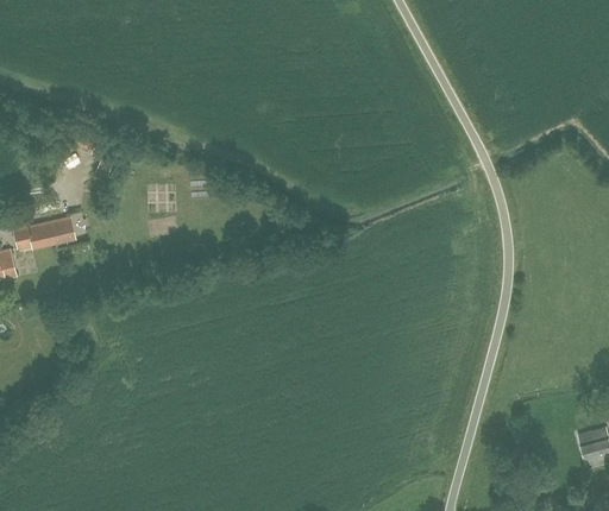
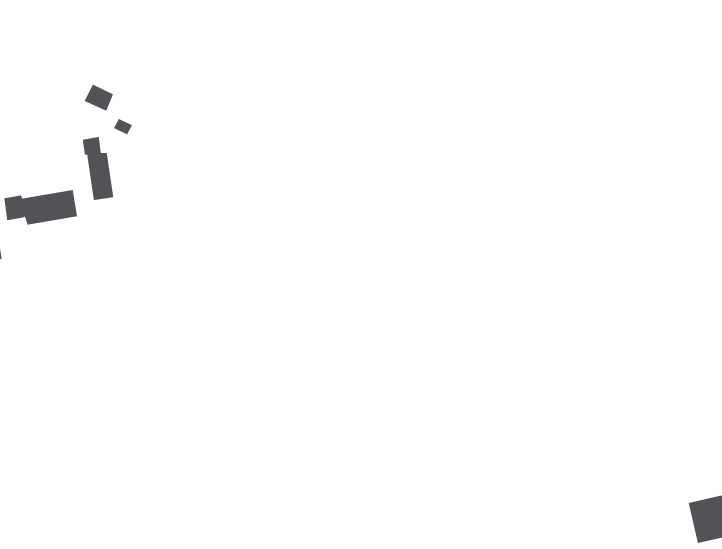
building: none -> [82,136,114,201]

